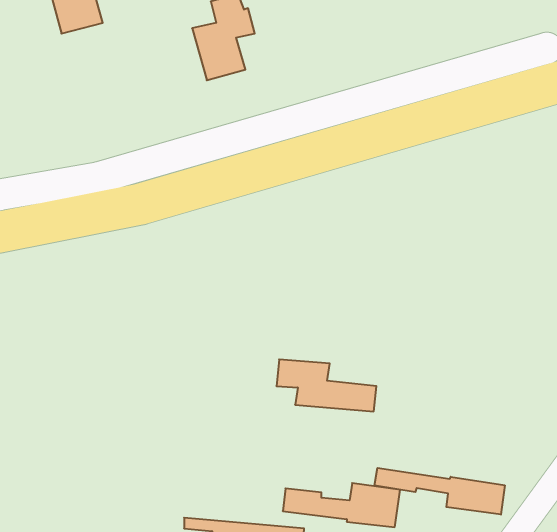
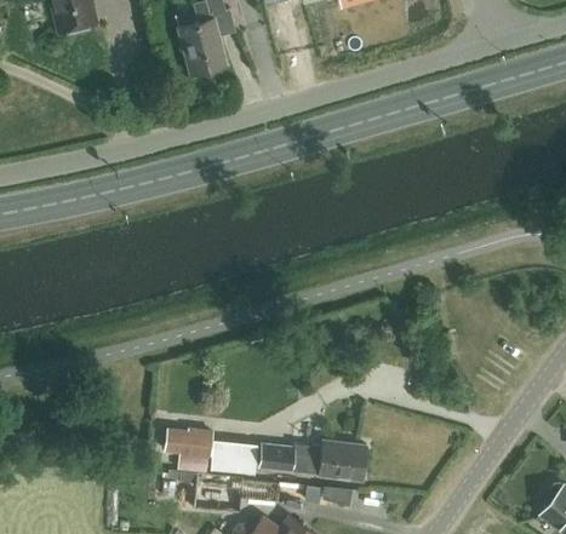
building: [276,359,376,411] -> [165,427,256,475]
building: [375,468,505,515] -> none

